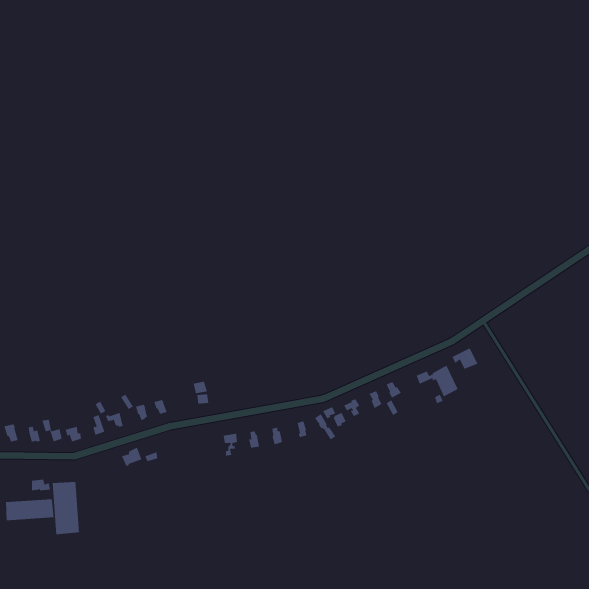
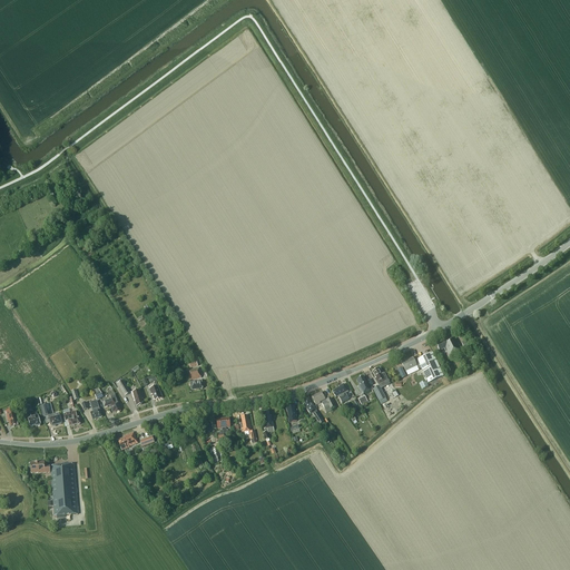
building: [5,498,54,521] -> none

